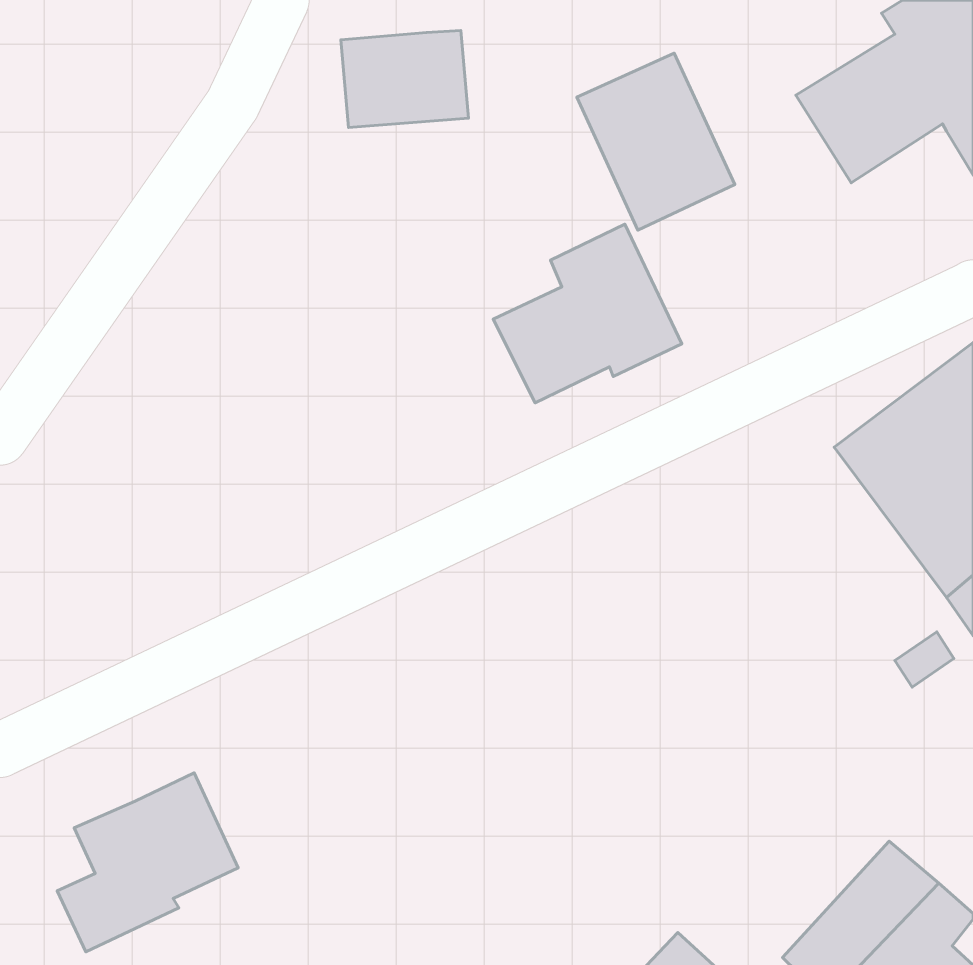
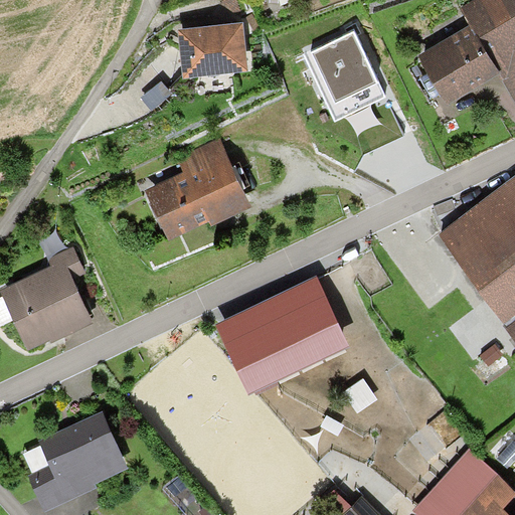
building: [493,224,682,403] -> [150,143,249,237]
building: none -> [7,255,88,344]
building: none -> [222,281,346,389]

